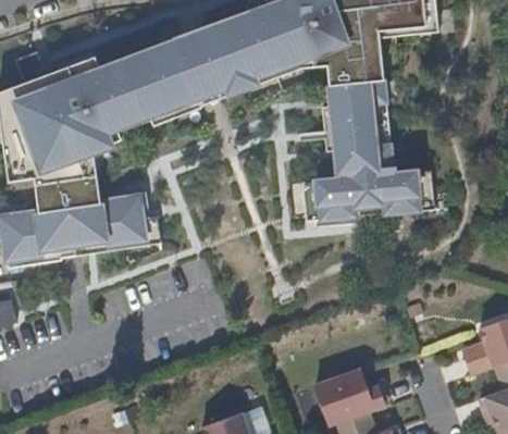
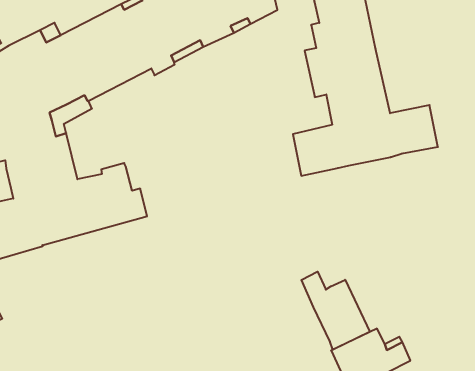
building: none -> [301,272,370,350]

